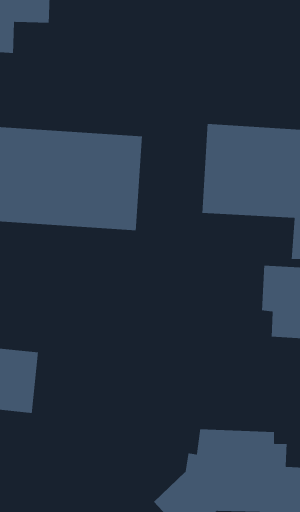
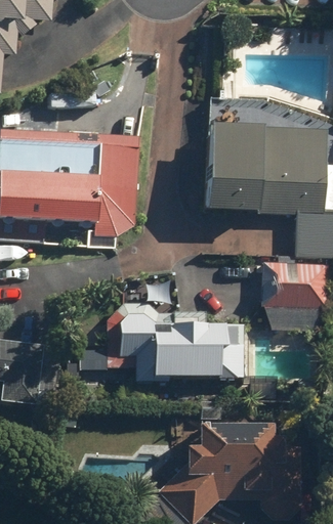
building: none -> [118,301,236,385]

